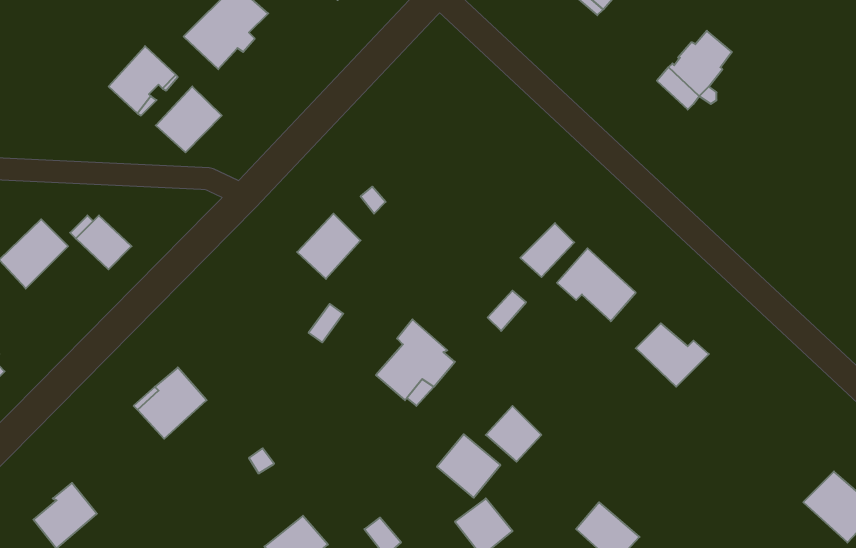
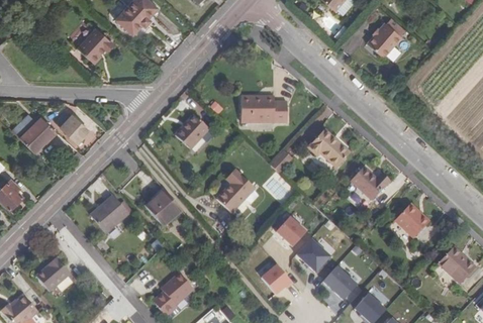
building: [156,86,222,152] -> none
building: none -> [246,98,291,124]
building: none -> [144,189,183,226]
building: none -> [400,208,436,240]
building: [437,434,500,498] -> [295,237,328,271]

